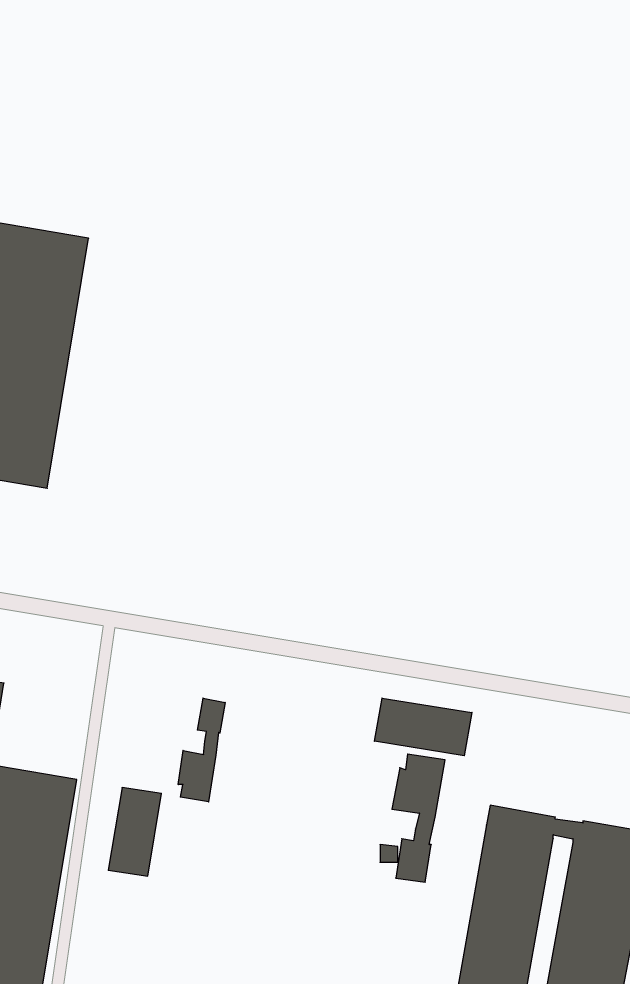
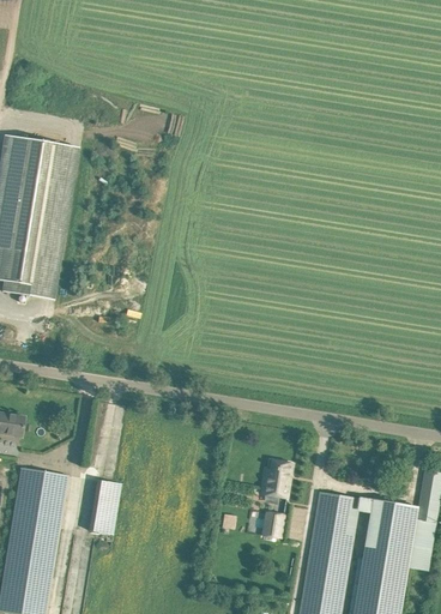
building: [374,698,472,756] -> none
building: [178,698,225,802] -> none

